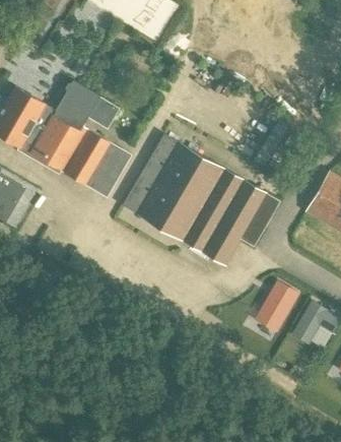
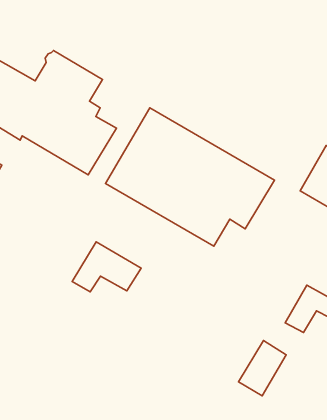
building: none -> [72,242,141,292]
building: [255,279,299,331] -> [238,341,286,396]

